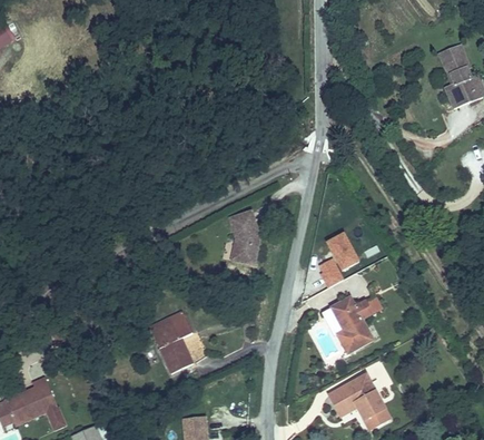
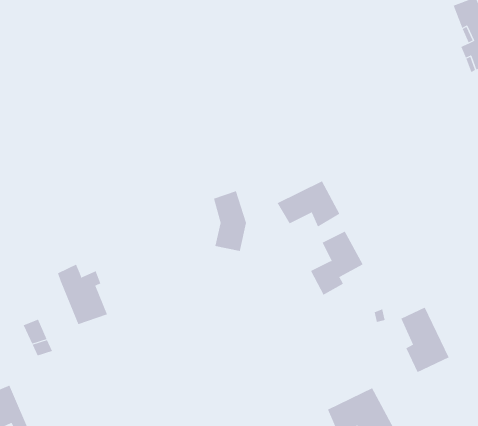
building: none -> [277,181,340,227]
building: [332,299,374,355] -> [400,307,450,373]
building: [150,319,194,371] -> [57,264,108,325]

